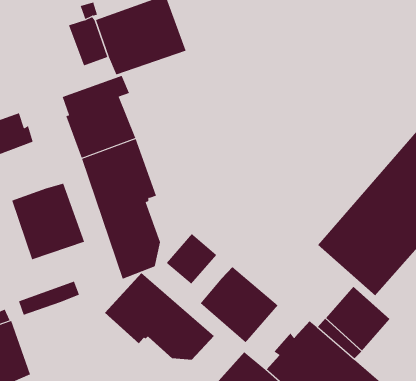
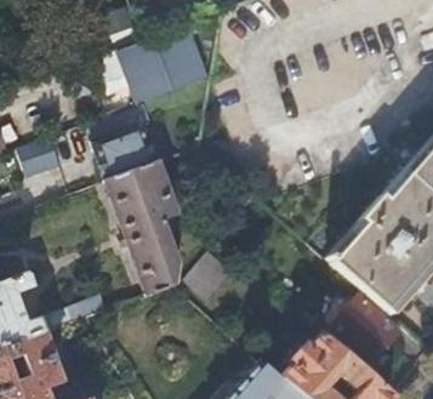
building: [11,183,85,260] -> none
building: [200,266,279,343] -> none
building: [104,272,215,360] -> none

